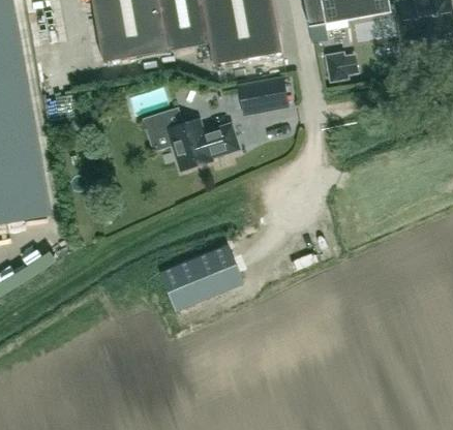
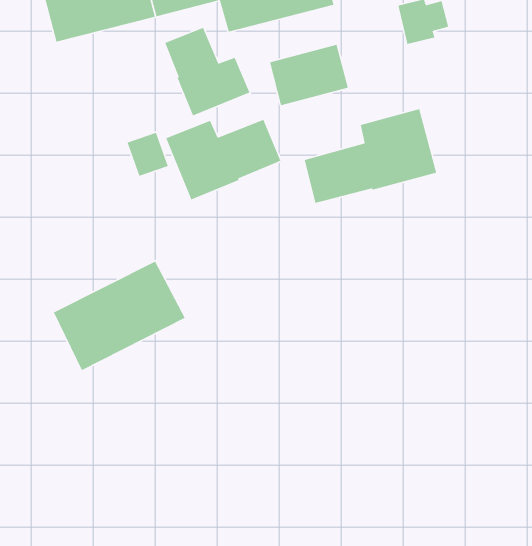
building: none -> [164,27,251,116]
building: none -> [304,108,437,204]
building: [159,243,244,310] -> [53,261,186,371]

